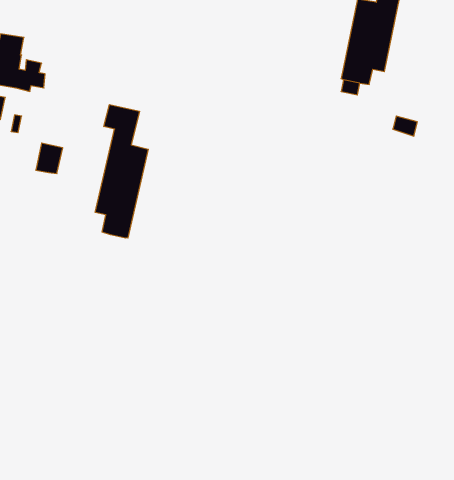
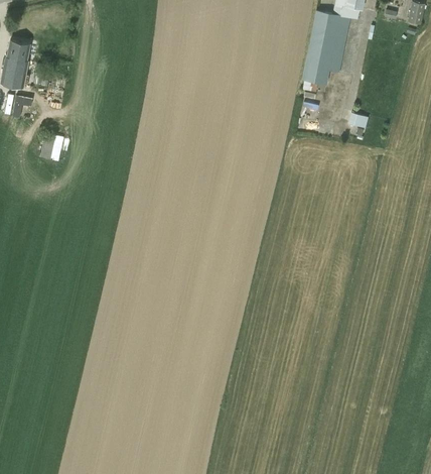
building: [95,105,148,238] -> none

